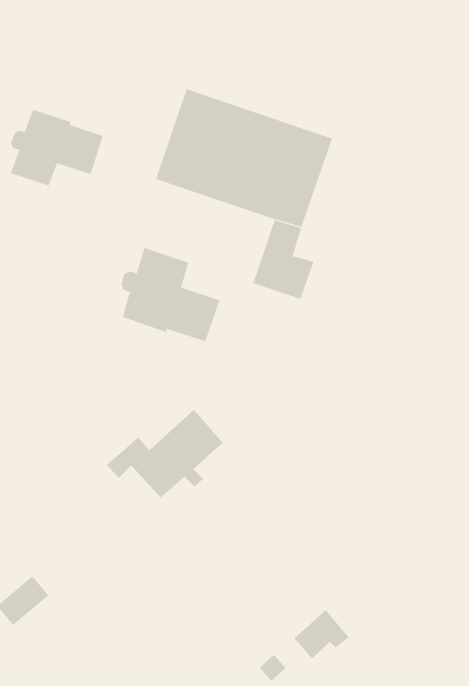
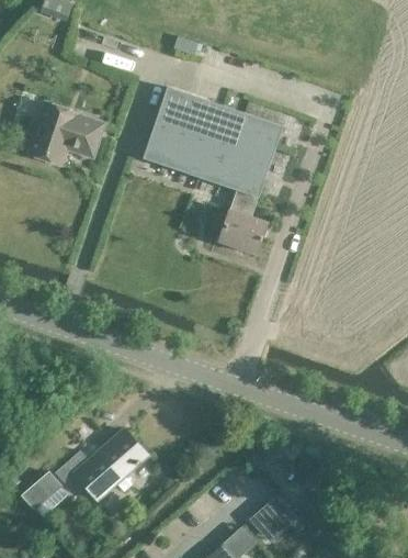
building: [121,247,220,342] -> none
building: [106,409,223,498] -> [54,429,146,500]

